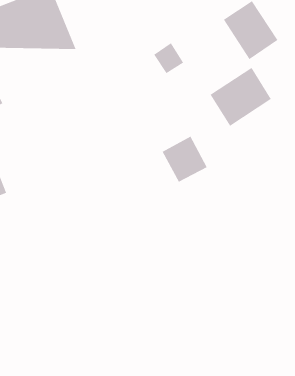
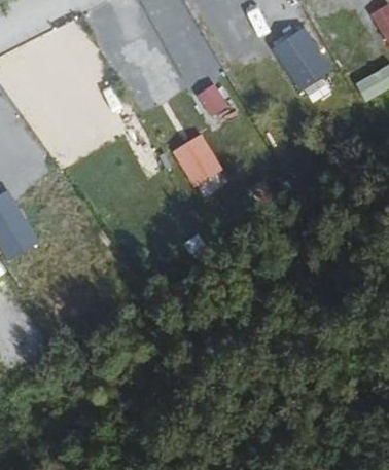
building: [210,67,272,127] -> none
building: [162,136,208,183] -> [171,140,221,191]

